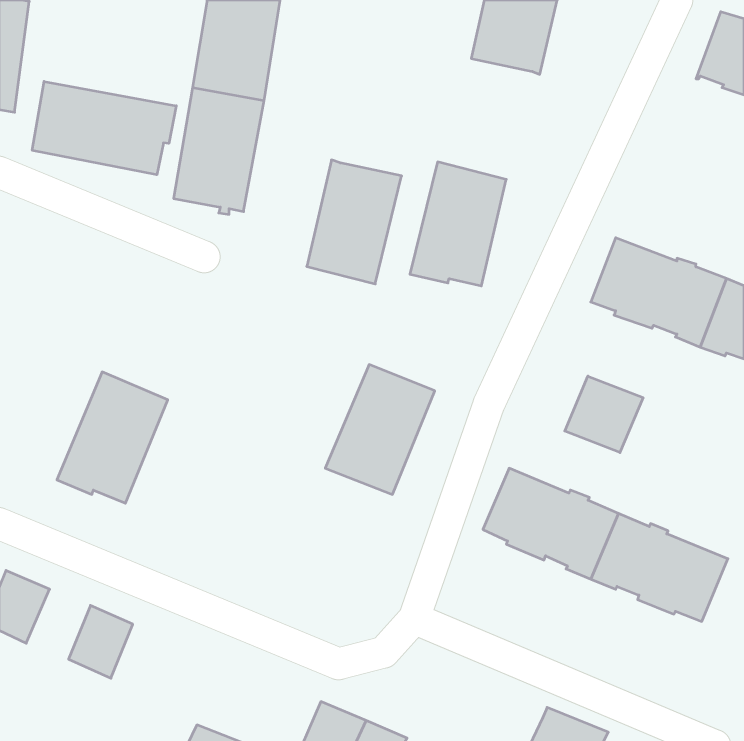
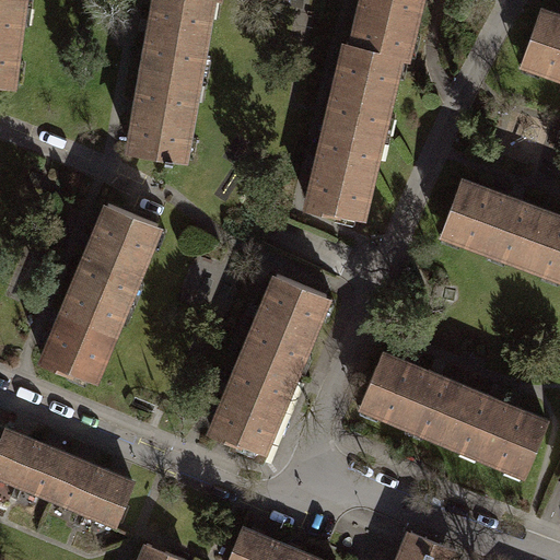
building: [32,81,176,175] -> none
building: [307,160,402,284] -> [328,45,399,138]
building: none -> [77,206,159,303]
building: [565,376,643,453] -> none
building: none -> [211,354,296,462]
building: none -> [20,445,68,498]
building: none -> [83,471,132,525]

